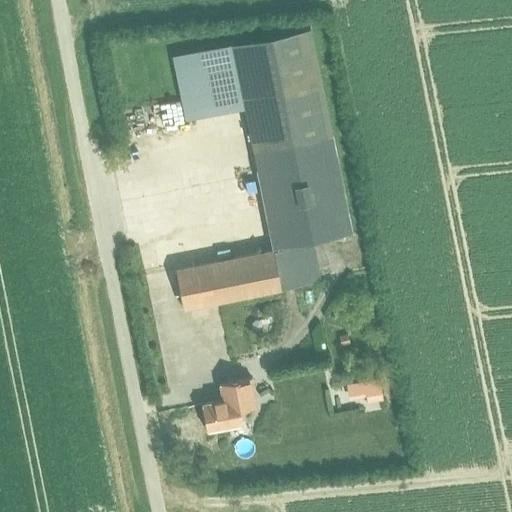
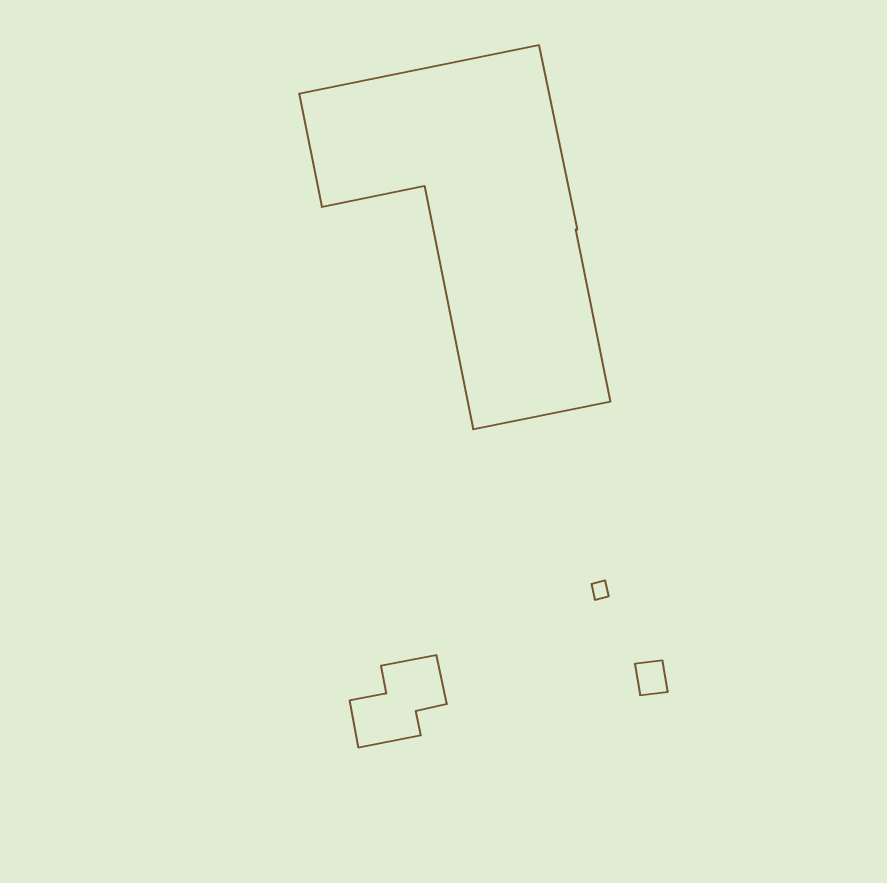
building: [176,243,323,311] -> none

